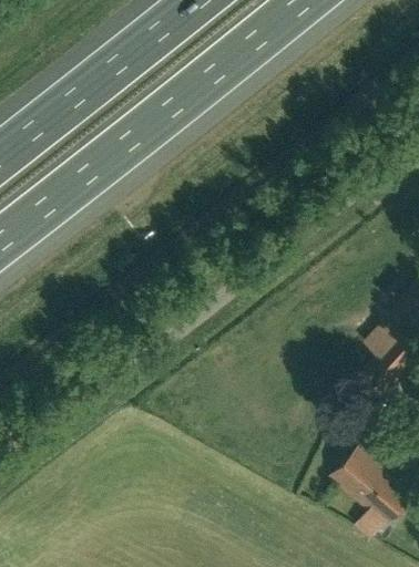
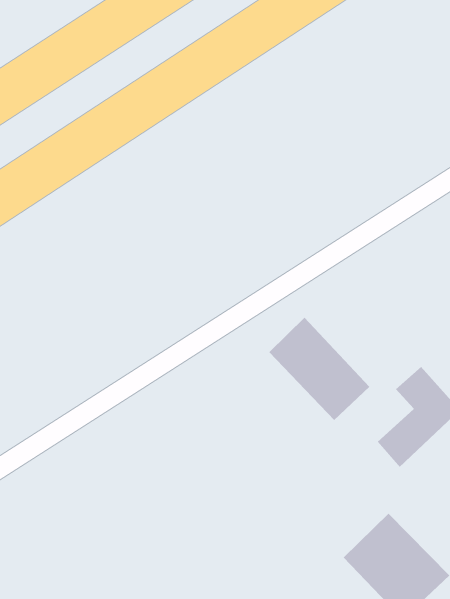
building: none -> [269,317,370,421]

